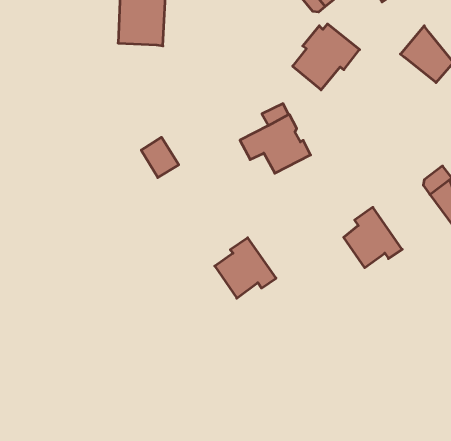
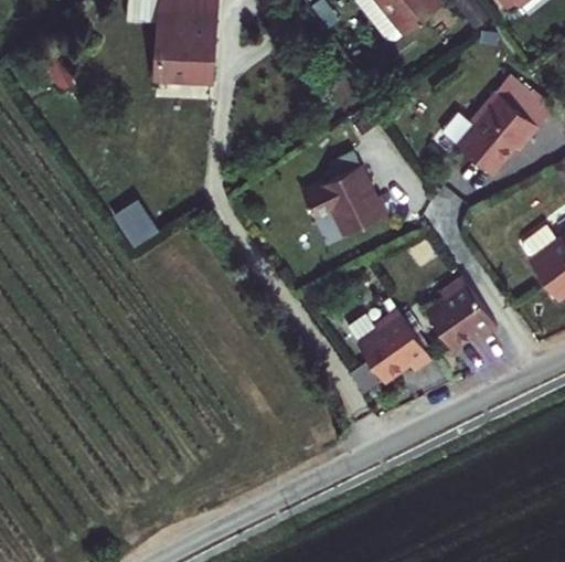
building: [293,24,360,90] -> [458,95,539,174]
building: [141,137,179,178] -> [113,200,158,248]
building: [215,238,276,298] -> [359,309,433,382]

